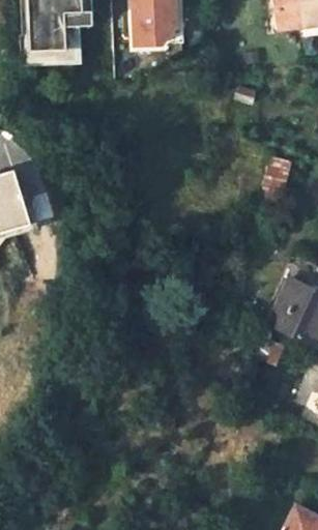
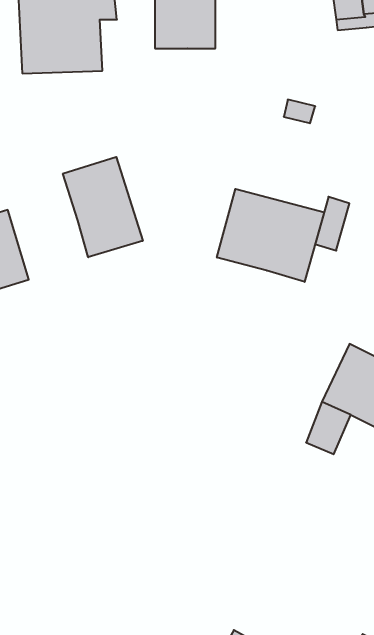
building: none -> [63,157,143,257]
building: none -> [217,189,324,282]

